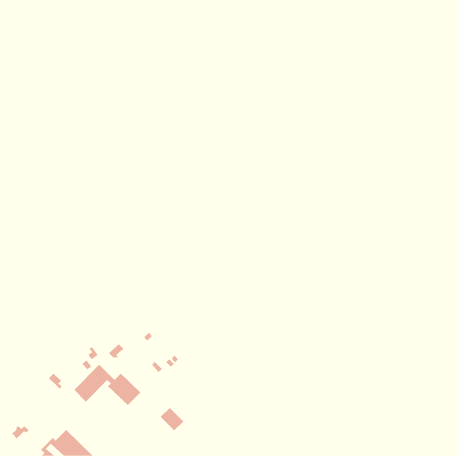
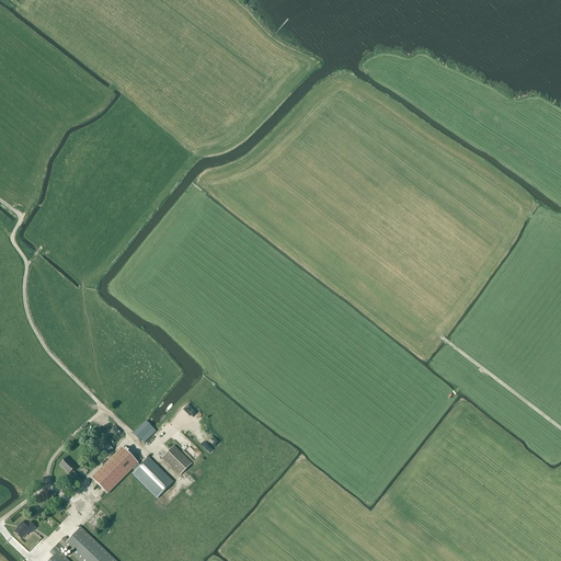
building: [160,407,184,431] -> [162,445,192,474]

